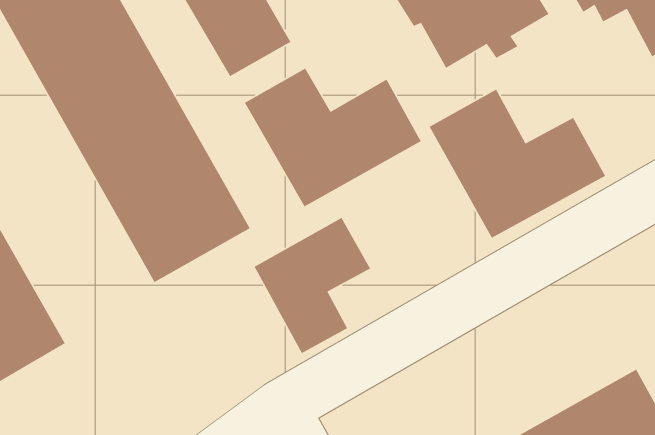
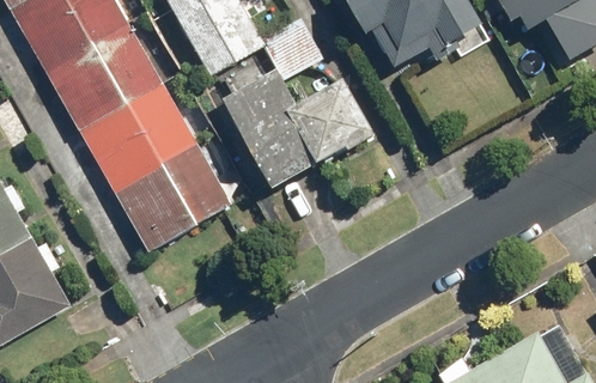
building: none -> [261,17,323,79]
building: [429,88,606,239] -> none
building: [254,217,371,354] -> none

